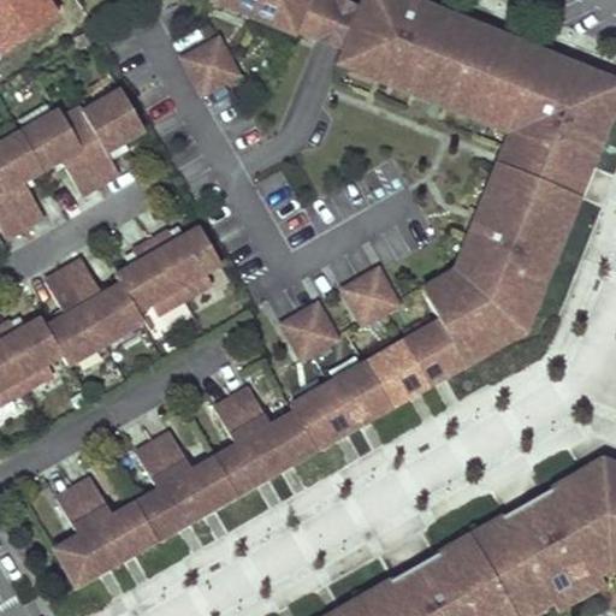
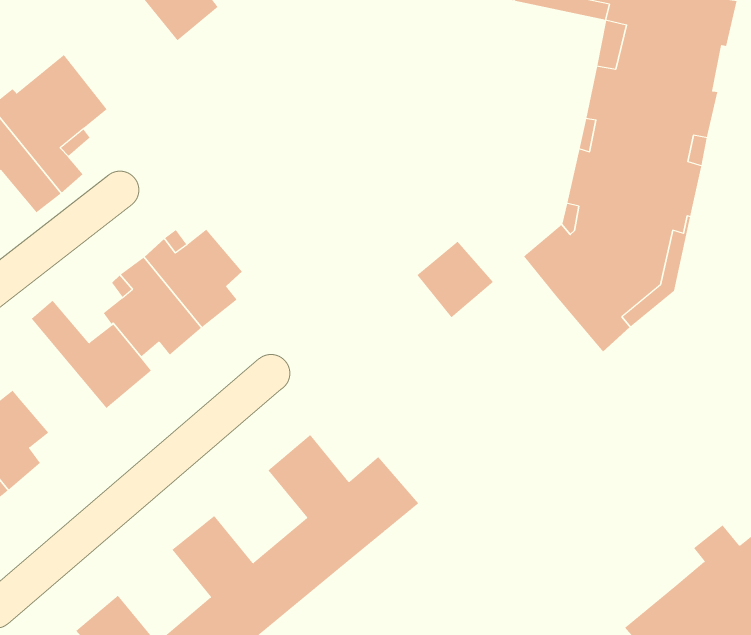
building: [46,270,106,365] -> none
building: [283,302,336,356] -> none
building: [290,319,466,449] -> none

